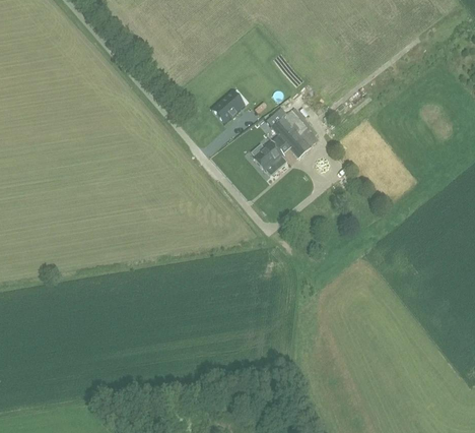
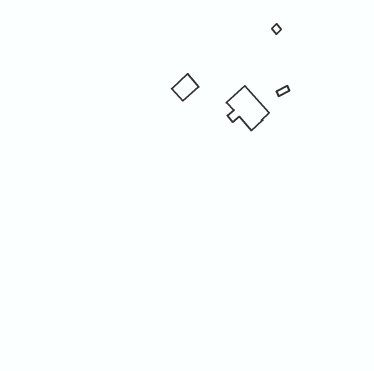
building: [253,139,285,172] -> none

